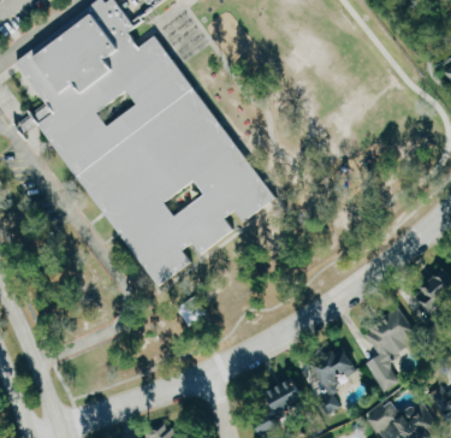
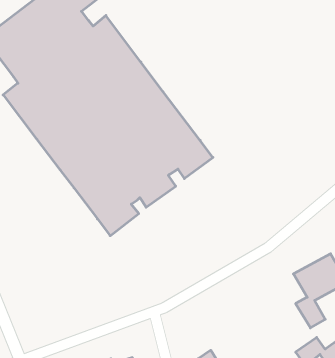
building: [310,348,356,410] -> none
building: [267,375,313,416] -> none

